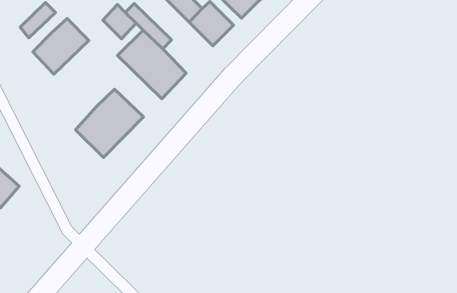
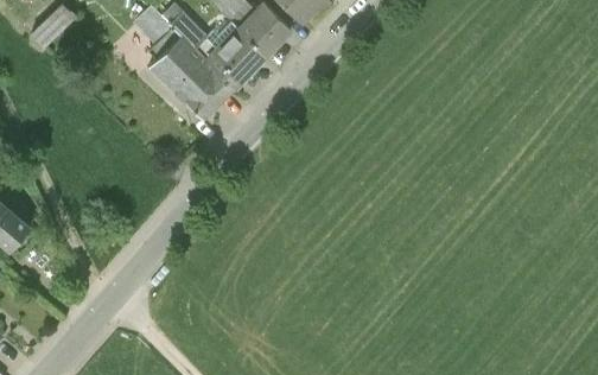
building: [33,18,89,74] -> none
building: none -> [206,27,267,89]
building: [76,89,143,158] -> none

